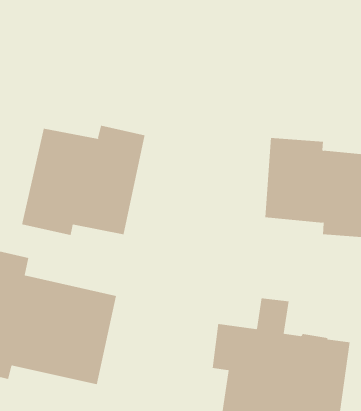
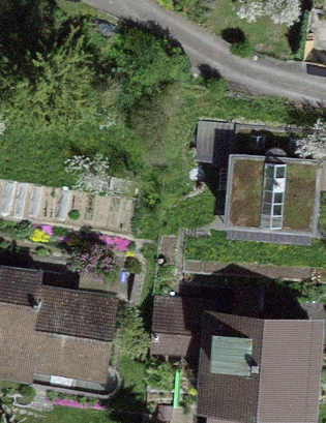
building: [22,125,145,236] -> none

